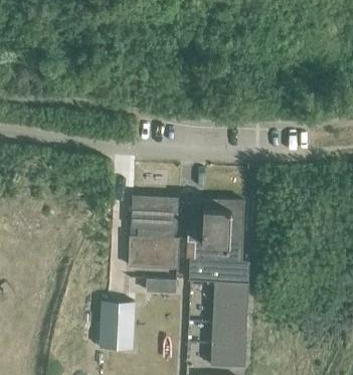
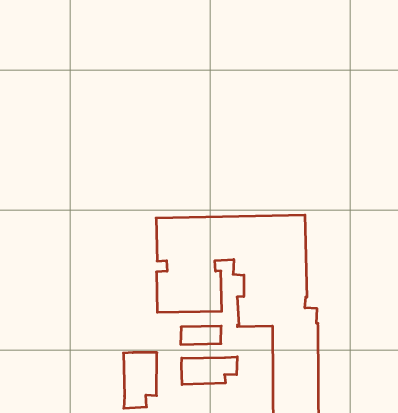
building: none -> [181,357,237,385]

